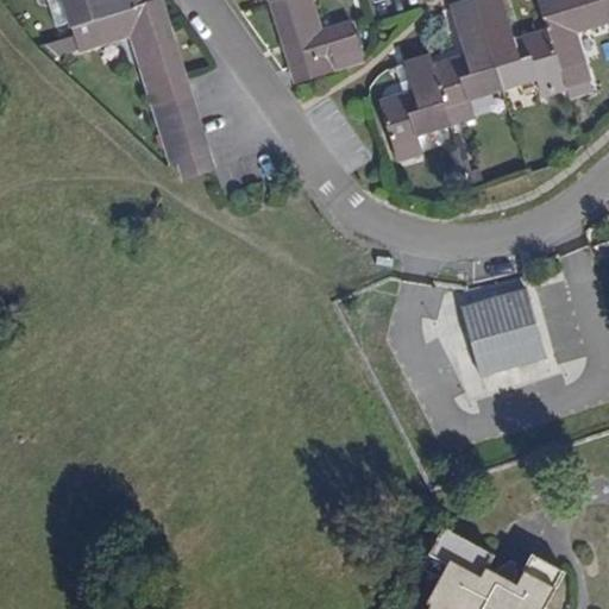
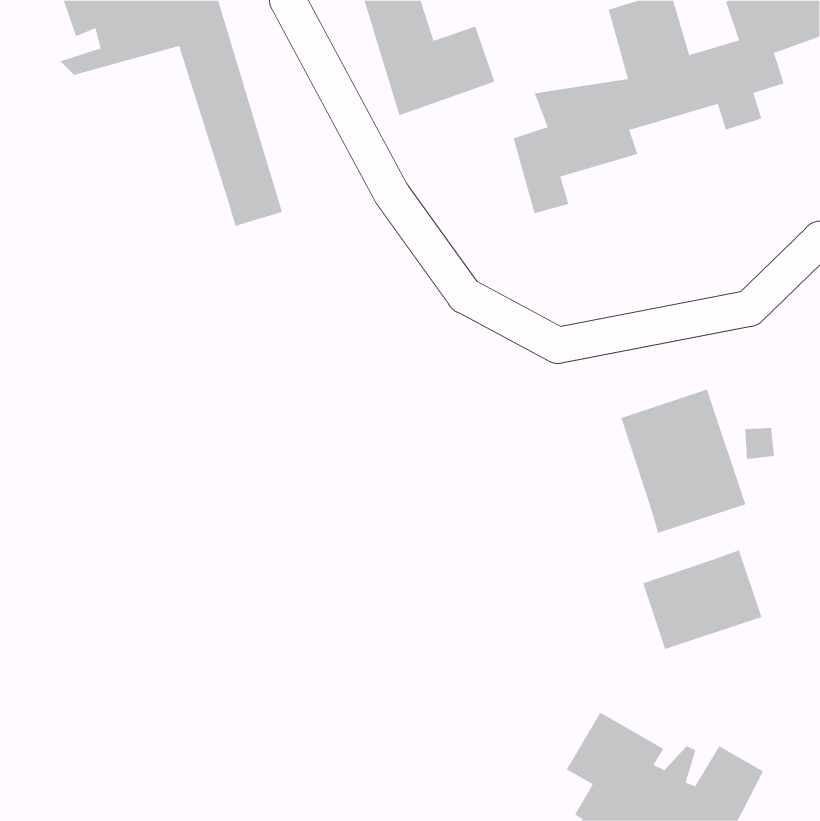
building: none -> [643,550,762,650]

